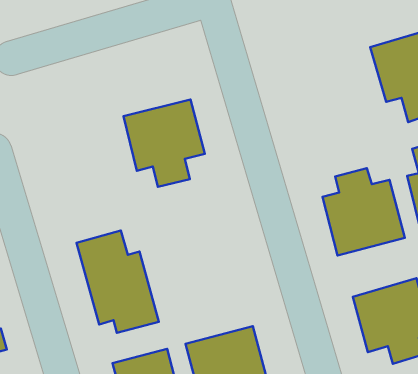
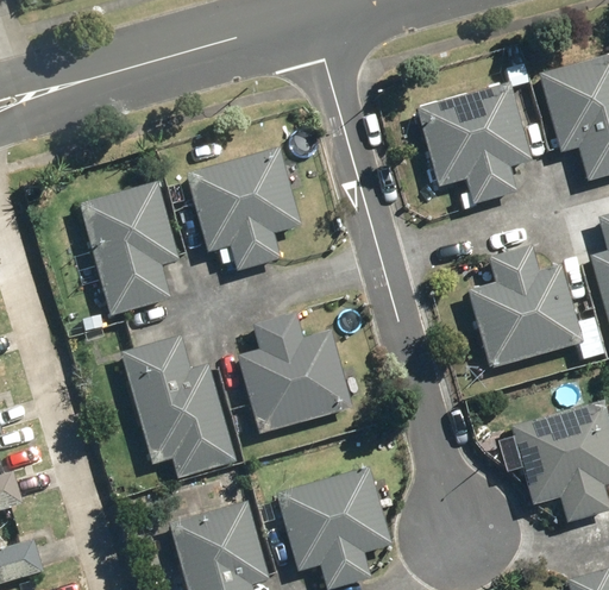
building: none -> [415,81,534,203]
building: none -> [79,181,181,315]
building: none -> [239,313,353,433]

